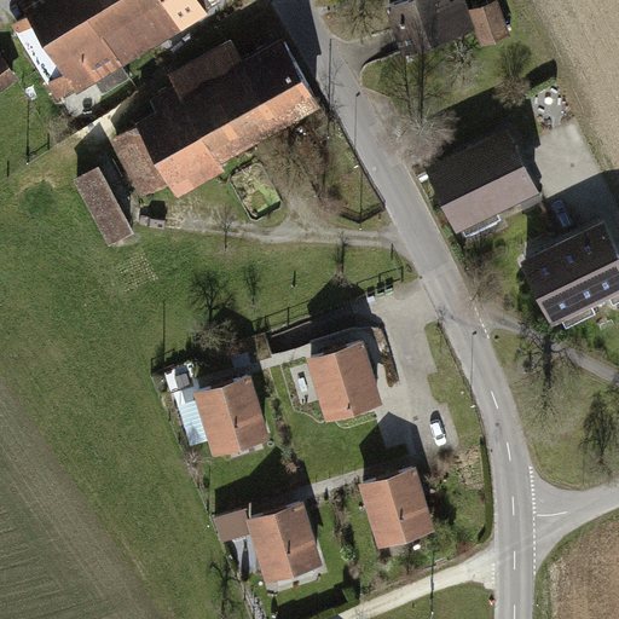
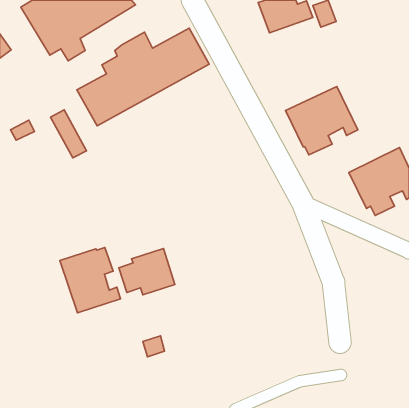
building: [311,342,377,412] -> none
building: none -> [60,248,120,313]
building: [364,469,429,539] -> none
building: [250,503,317,584] -> none

